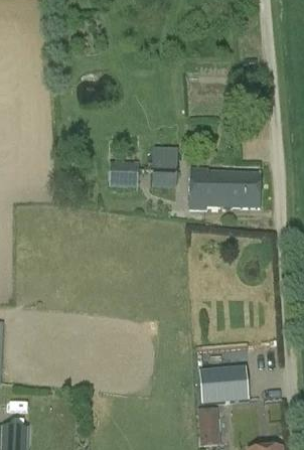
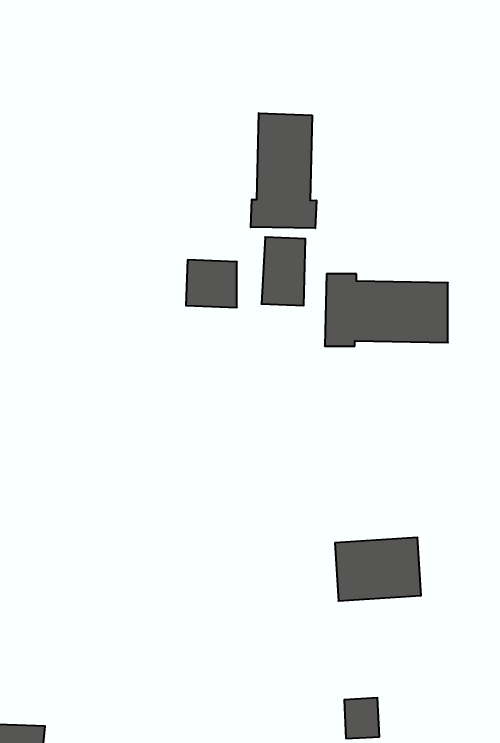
building: none -> [251,113,316,228]
building: [198,366,248,403] -> [335,538,421,601]

